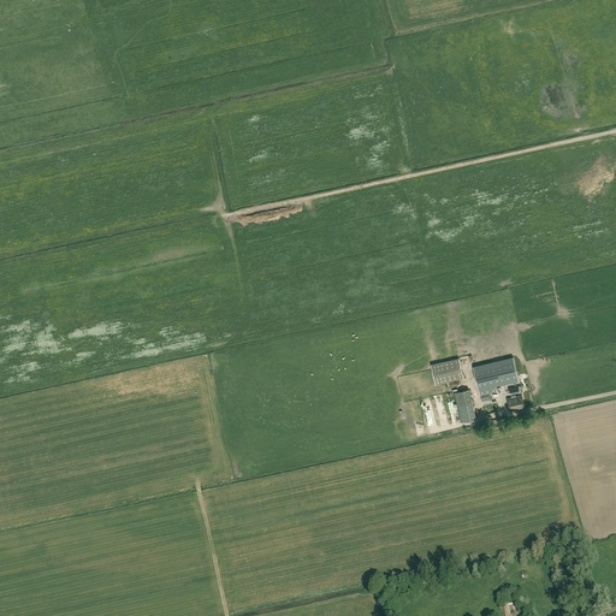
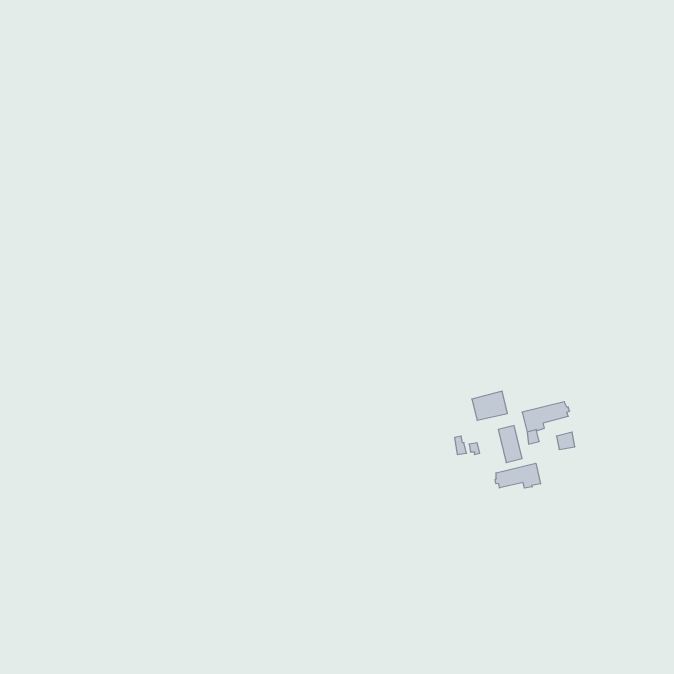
building: none -> [495,463,540,488]

